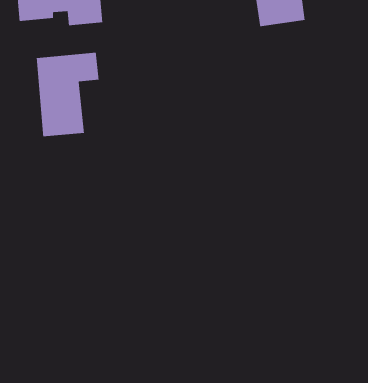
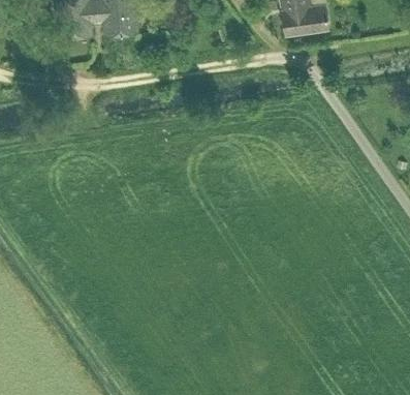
building: [36,52,99,137] -> none

